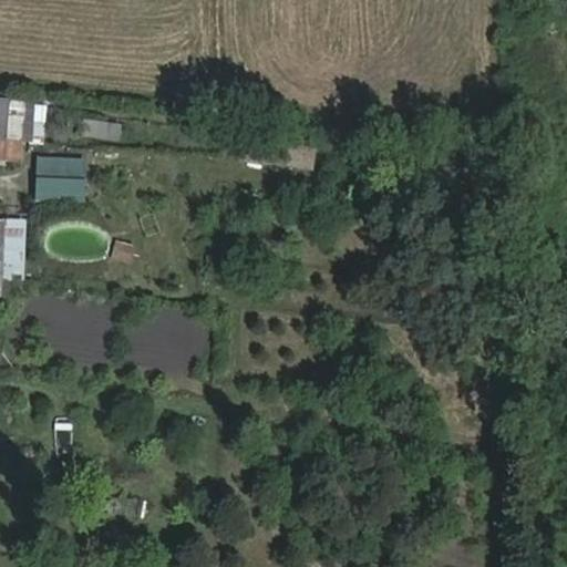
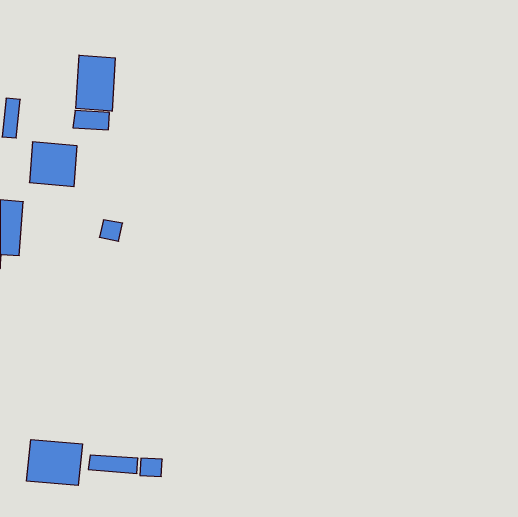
building: none -> [76,55,115,111]
building: none -> [27,440,82,485]

